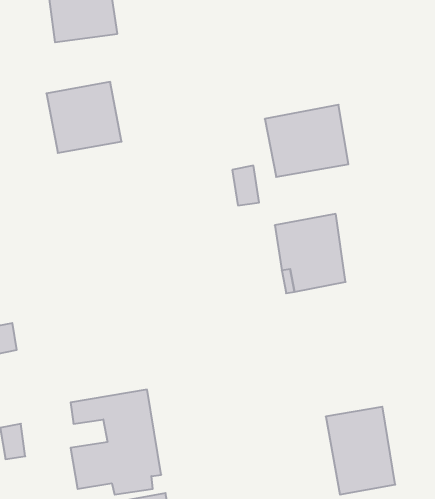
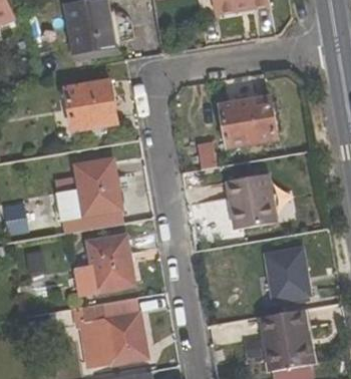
building: none -> [56,160,119,220]
building: none -> [89,236,133,291]
building: none -> [268,251,307,300]

